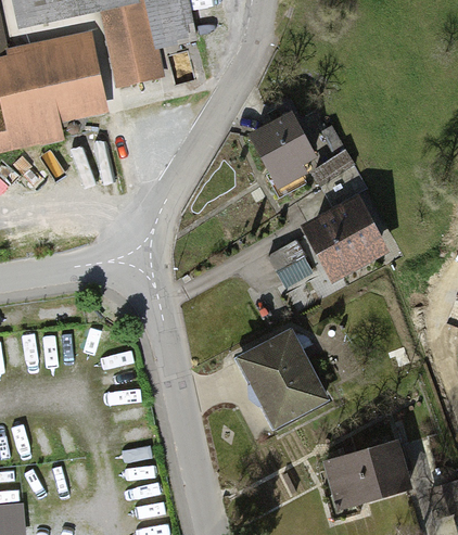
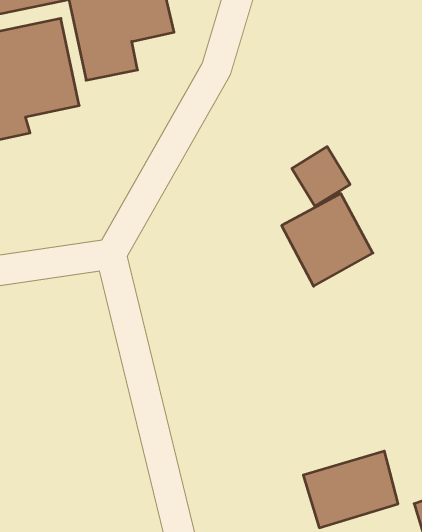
building: [247,111,317,196] -> none
building: [268,240,311,285] -> none
building: [236,329,329,429] -> none

